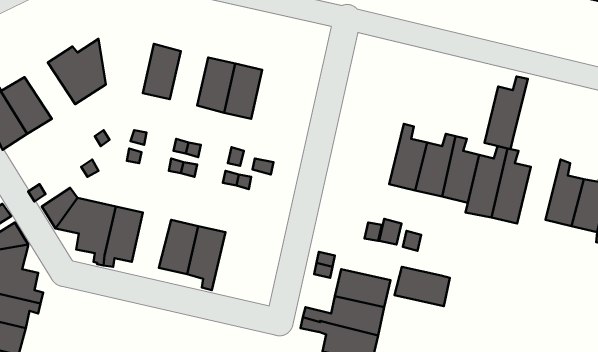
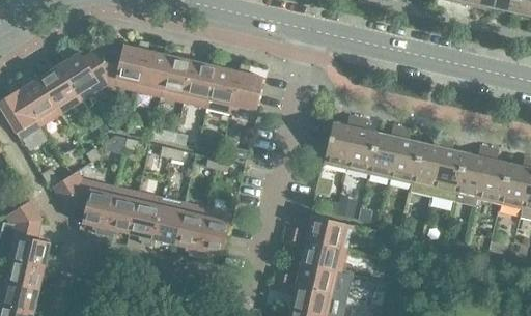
building: none -> [102,40,150,91]
building: none -> [162,56,194,102]
building: none -> [230,63,264,118]
building: none -> [39,65,82,113]
building: [485,77,528,149] -> [454,145,491,206]
building: none -> [325,115,359,168]
building: none -> [130,192,163,247]
building: none -> [197,208,232,259]
building: [394,267,450,306] -> [306,216,353,249]

